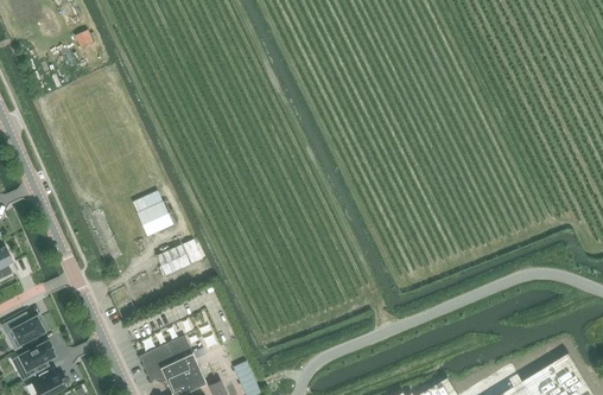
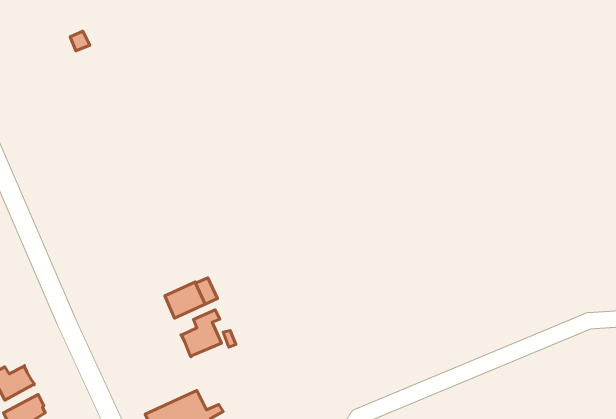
building: [137,202,172,236] -> none
building: none -> [181,310,221,357]

